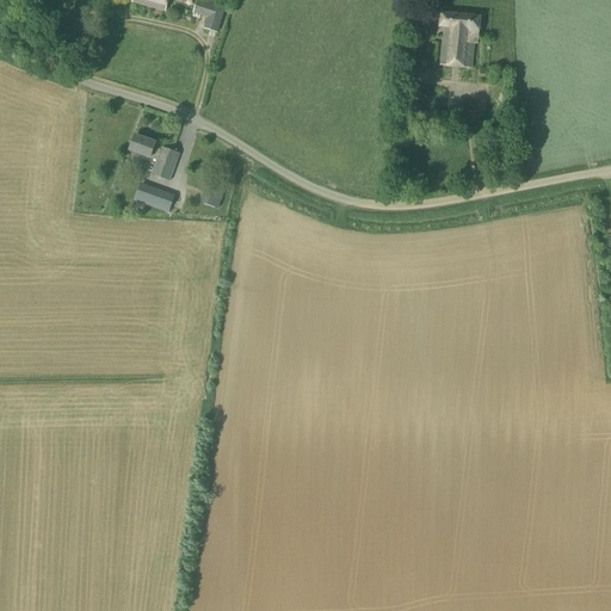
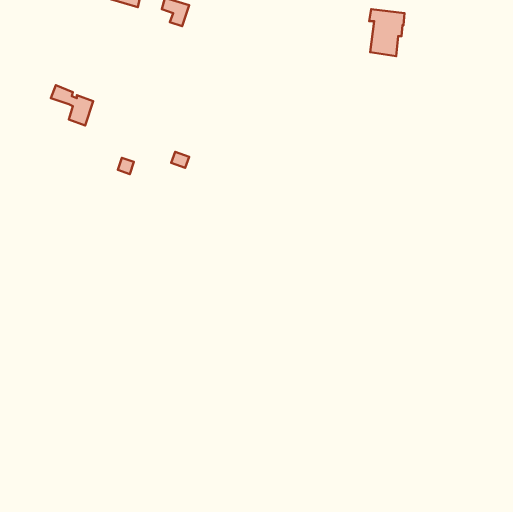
building: [128,132,178,180] -> [51,85,93,125]

